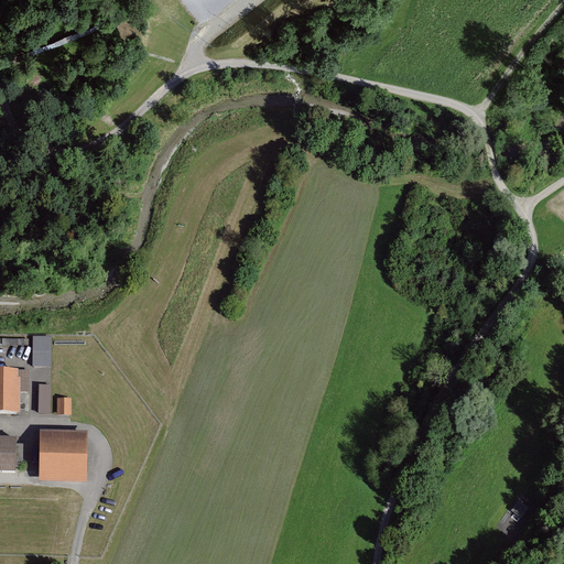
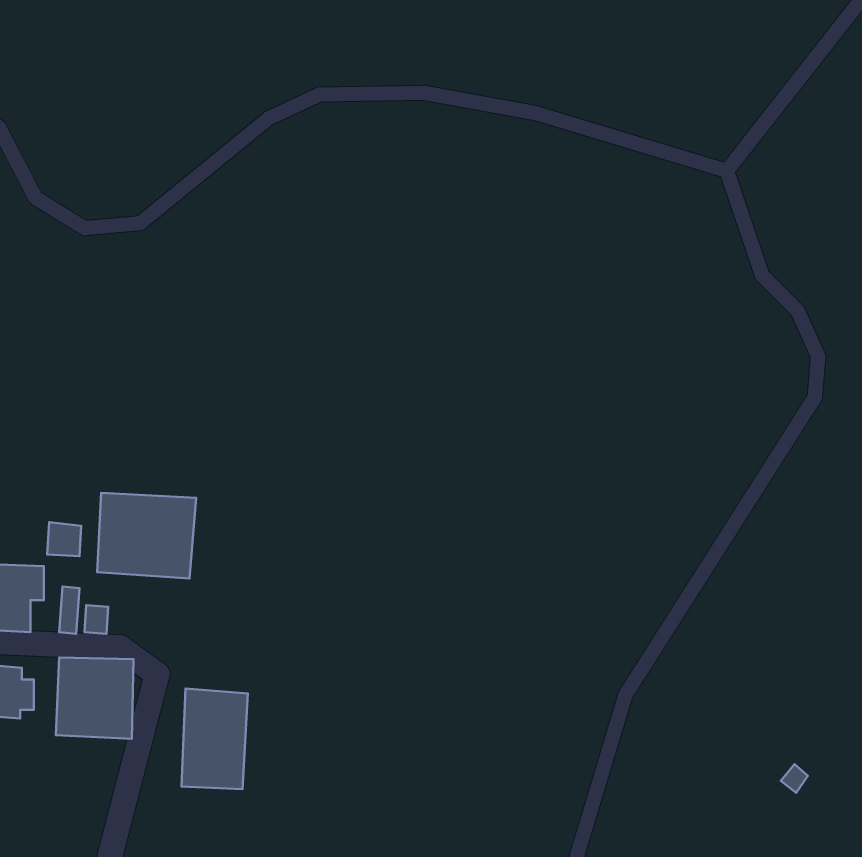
building: none -> [97,493,196,579]
building: none -> [181,689,248,789]

